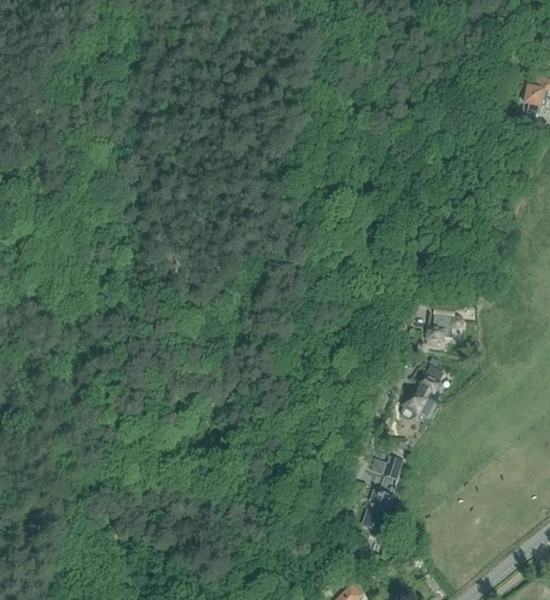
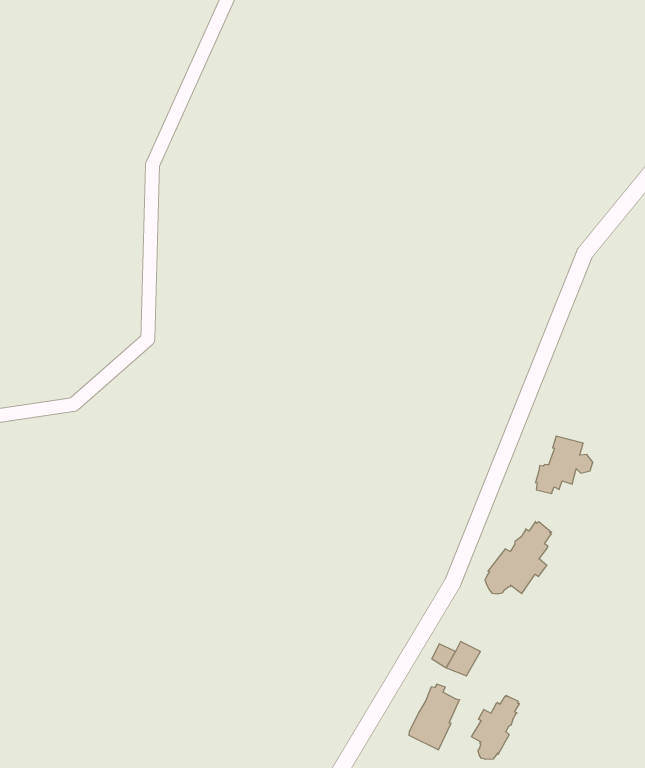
building: none -> [471,695,519,759]

